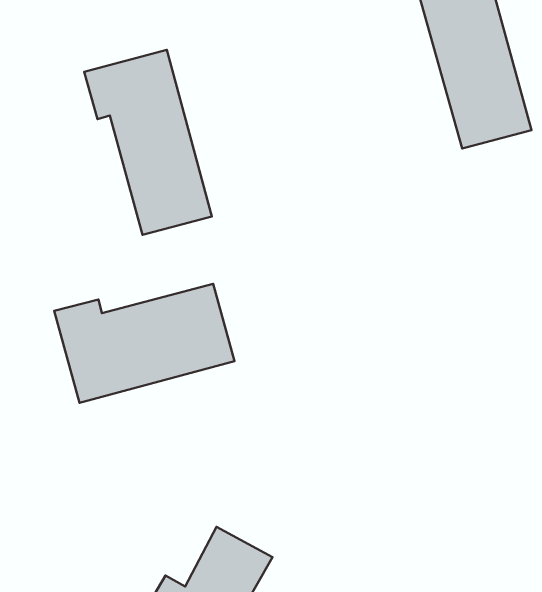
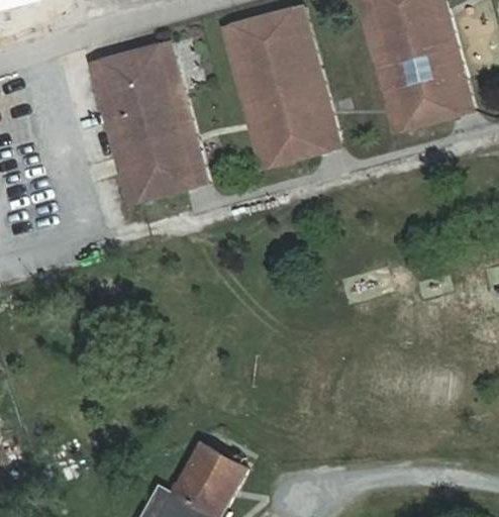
building: none -> [234,9,330,164]
building: [54,284,235,403] -> none

